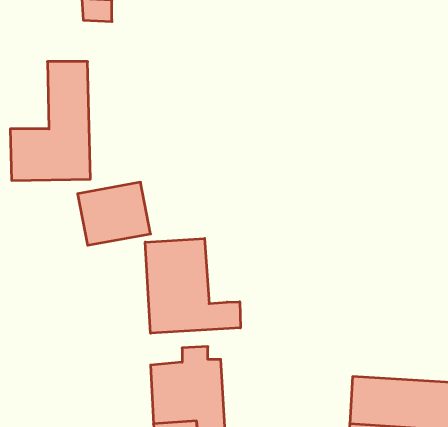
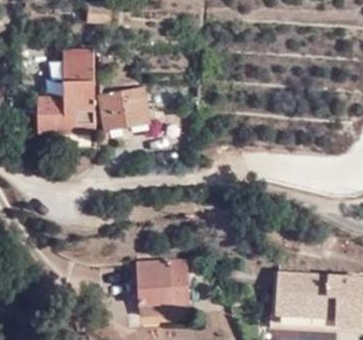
building: [78,182,151,245] -> [98,87,149,131]
building: [145,238,240,333] -> none

